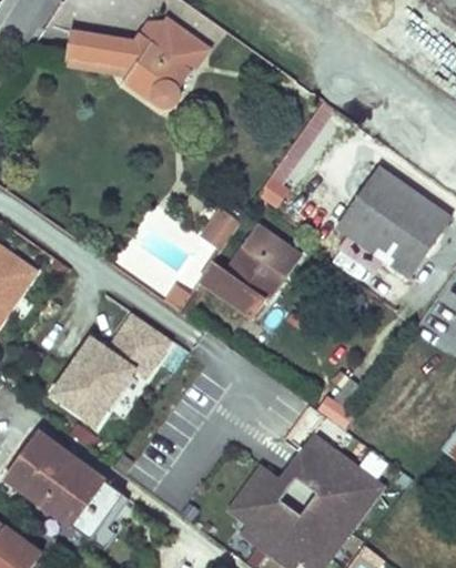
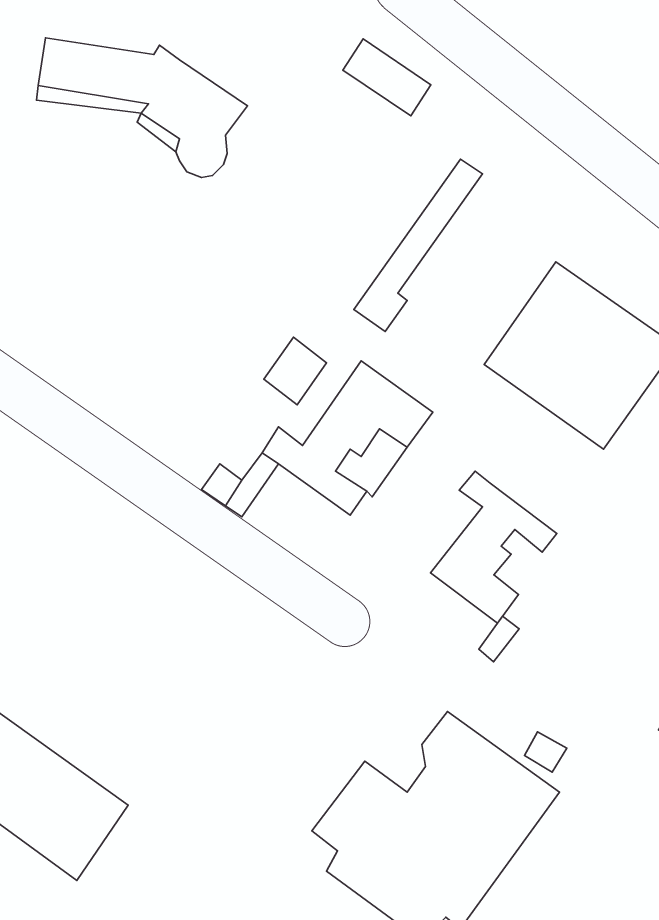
building: [151,23,204,70] -> [343,39,431,116]
building: none -> [431,471,557,623]
building: [52,316,169,424] -> none

